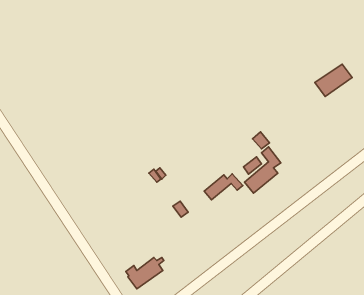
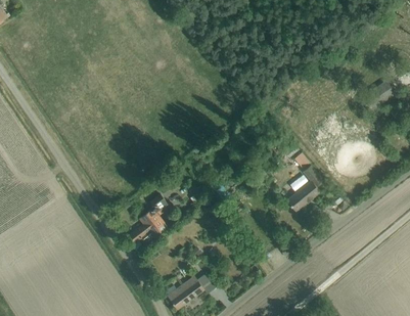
building: [204,174,243,200] -> none
building: none -> [129,210,164,243]

